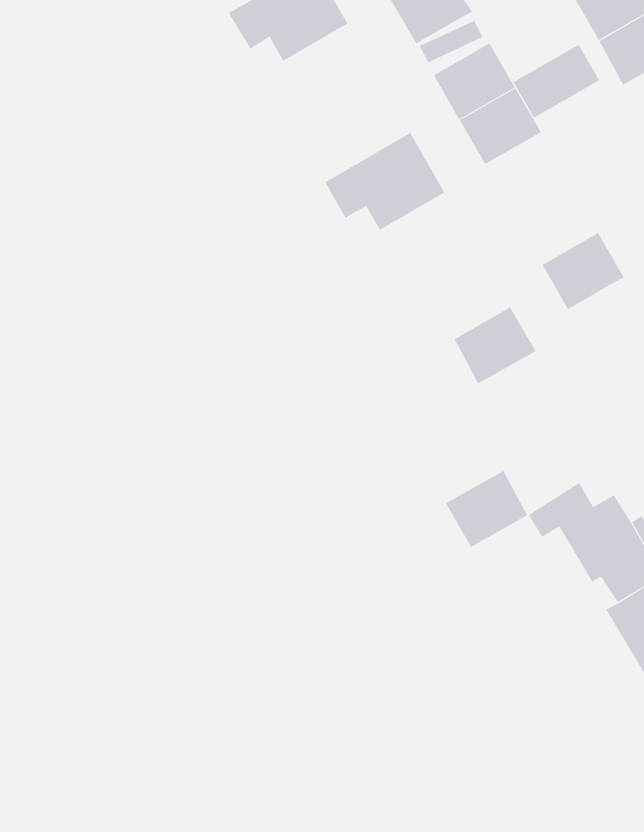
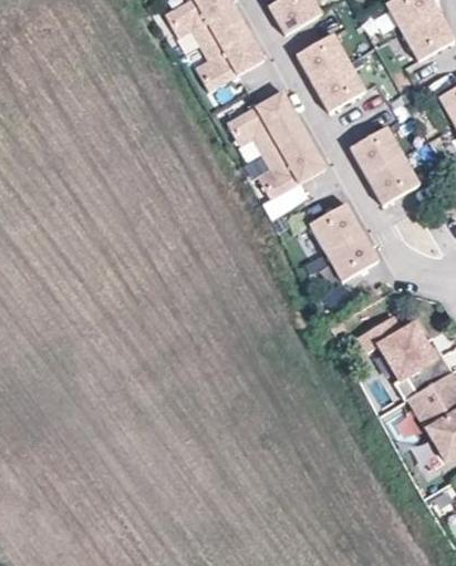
building: none -> [195,21,263,91]
building: [513,44,600,118] -> none
building: none -> [349,126,402,176]
building: none -> [257,130,325,199]
building: [445,470,528,548] -> [324,231,377,281]

